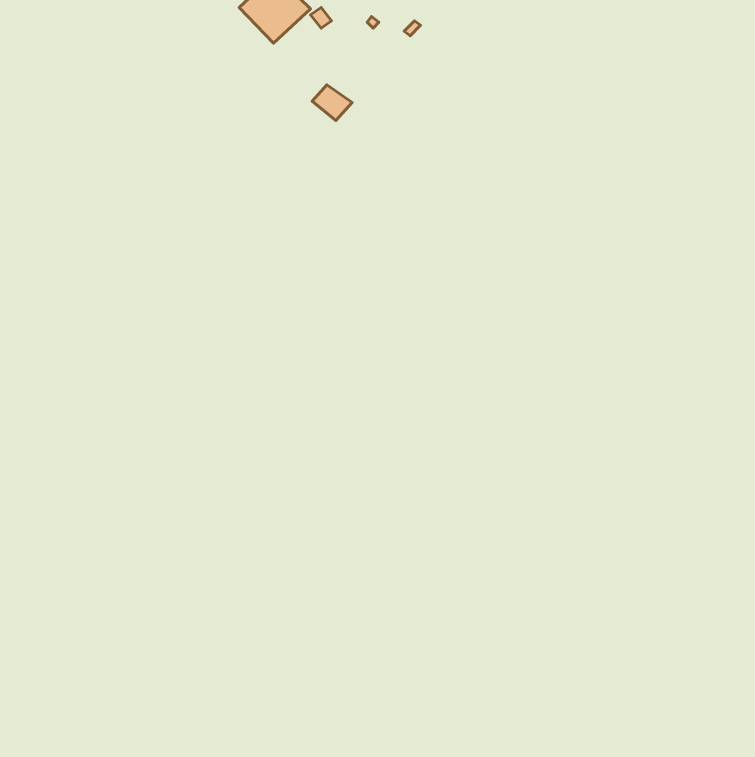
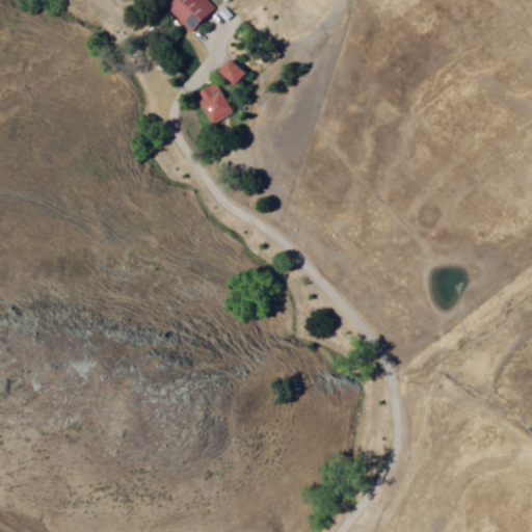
building: none -> [197,82,233,122]

